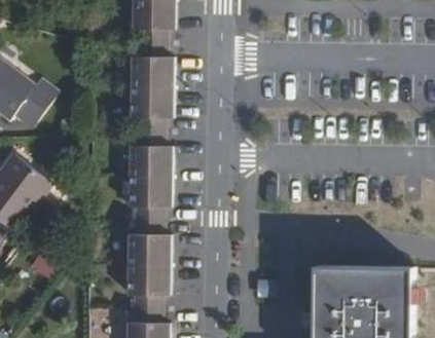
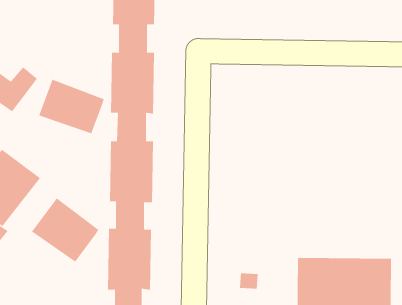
building: none -> [38,79,104,134]
building: none -> [31,198,99,263]

